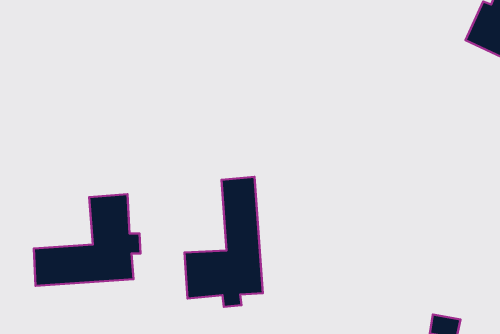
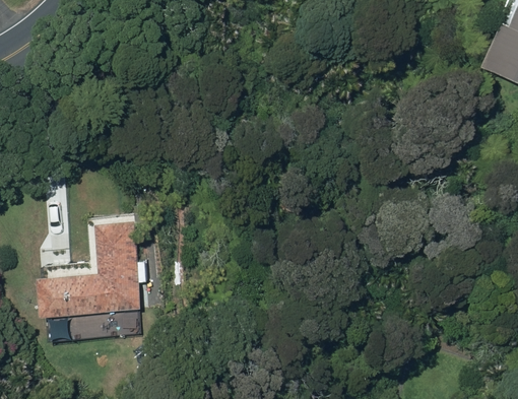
building: [185,177,263,307] -> none

